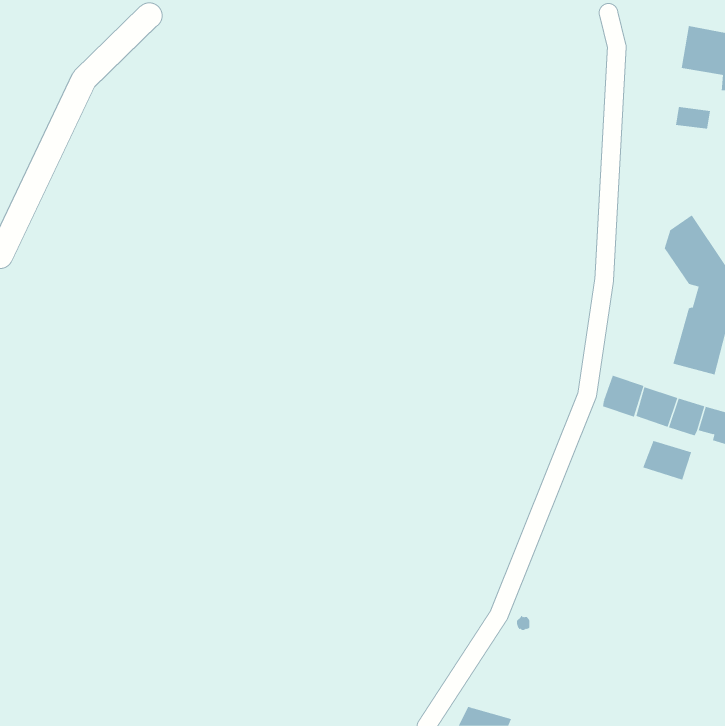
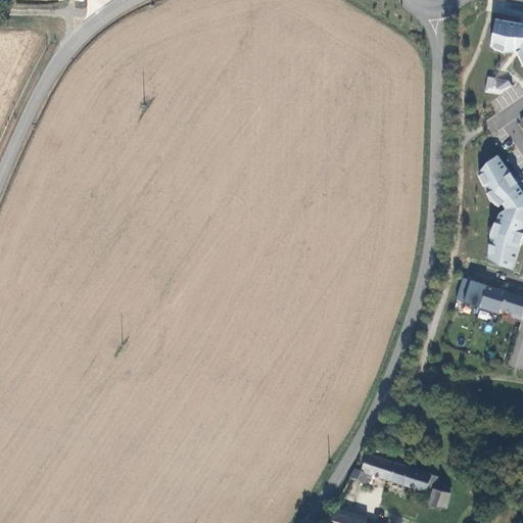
building: [603,375,644,417] -> none
building: [643,440,692,481] -> none
building: none -> [351,455,451,509]

